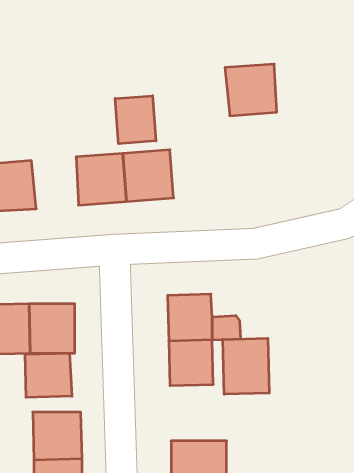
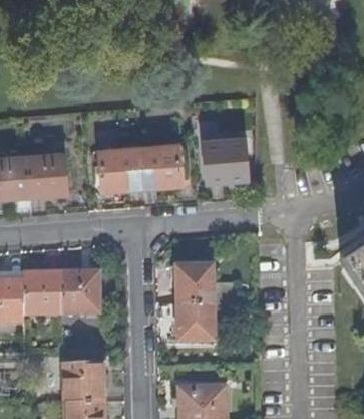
building: [225,64,277,116] -> [203,139,246,182]
building: [115,96,156,144] -> none
building: [223,338,269,394] -> none
building: [25,353,72,397] -> none

